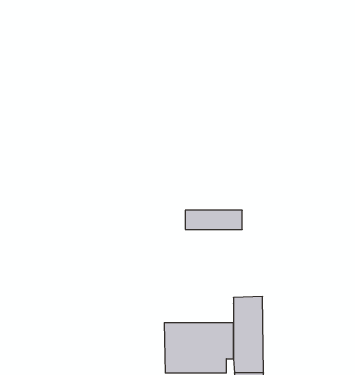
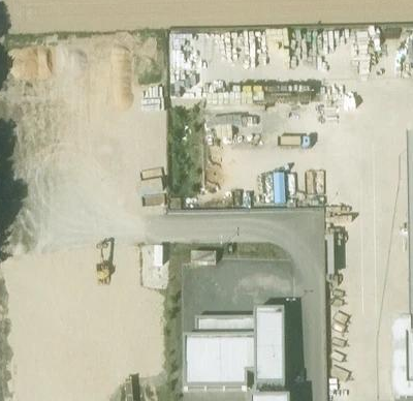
building: [185,210,242,229] -> [202,317,261,337]

